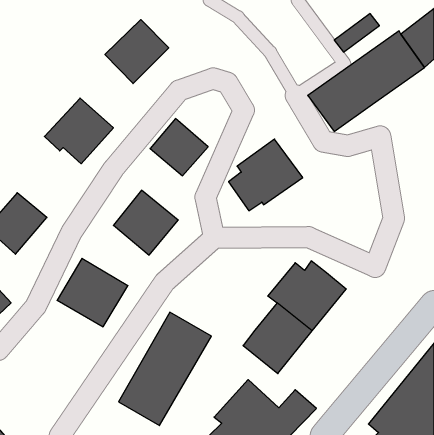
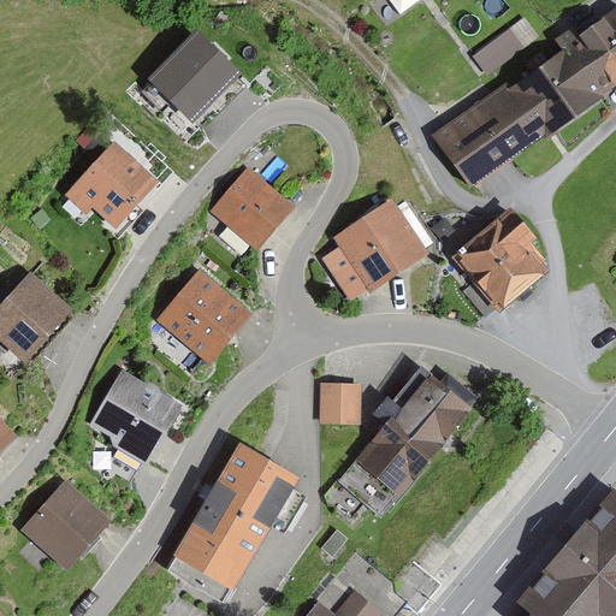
building: none -> [445,202,549,315]
building: none -> [319,385,363,421]
building: none -> [16,472,111,568]

